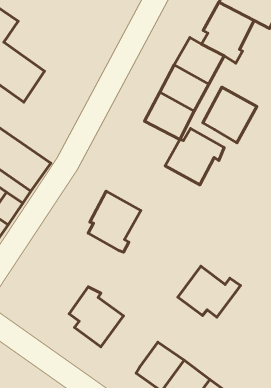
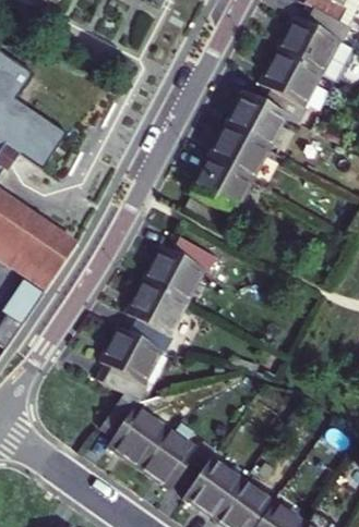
building: [203,87,257,143] -> none
building: [165,129,224,185] -> [145,233,216,301]
building: none -> [97,326,160,400]
building: [178,266,241,317] -> [139,427,214,488]

